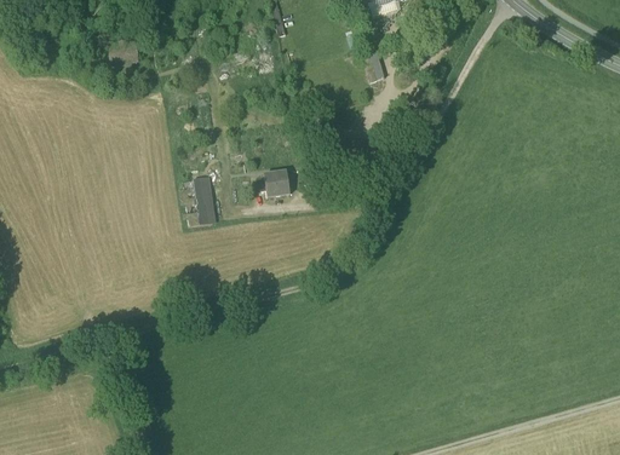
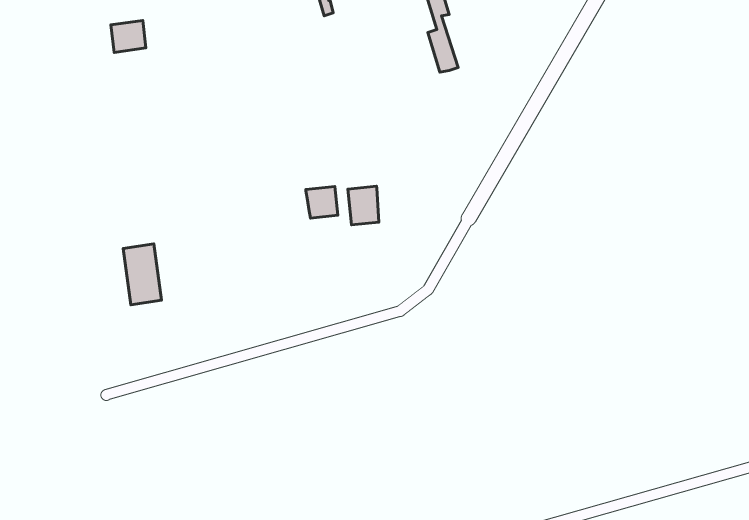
building: none -> [348,186,379,225]
building: [184,175,214,224] -> [123,244,161,305]

